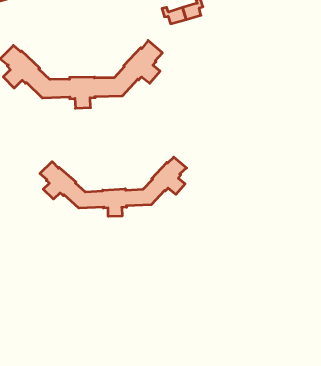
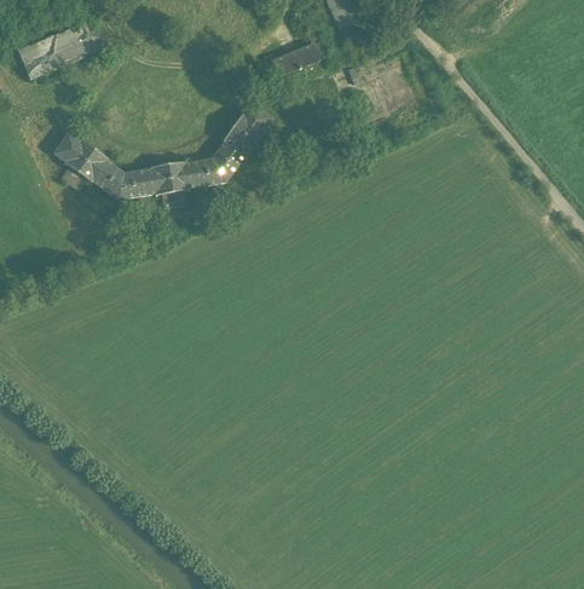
building: [40,157,187,216] -> none

